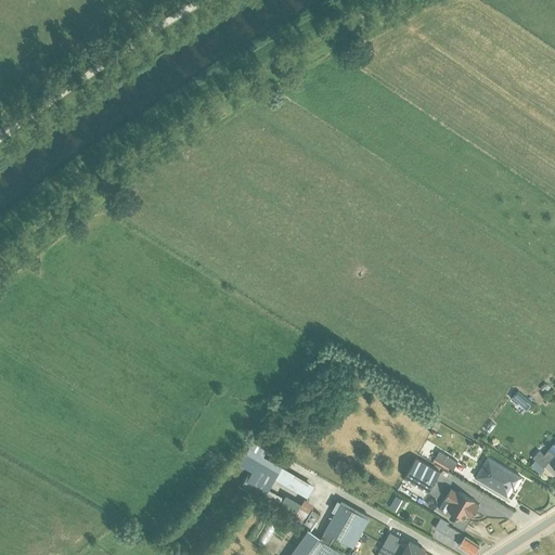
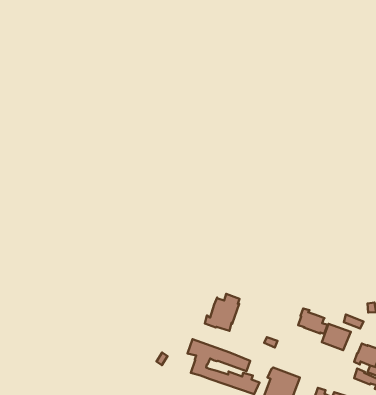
building: none -> [205,294,240,331]
building: none -> [298,308,327,334]

